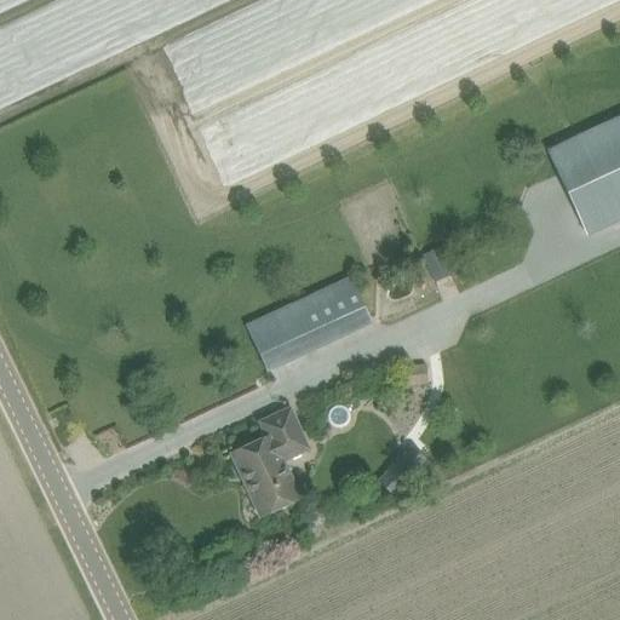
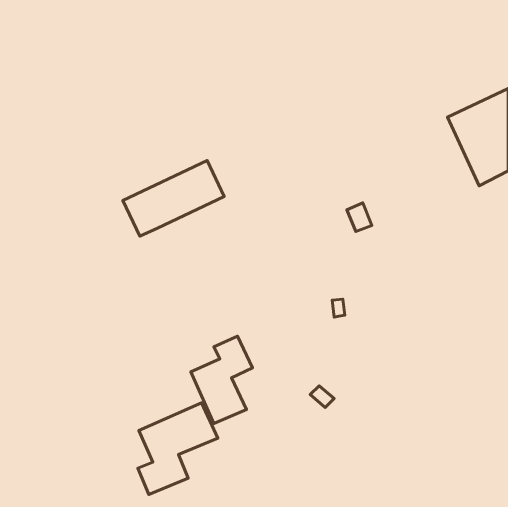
building: [246,279,369,371] -> [123,161,224,236]
building: none -> [138,403,218,494]

